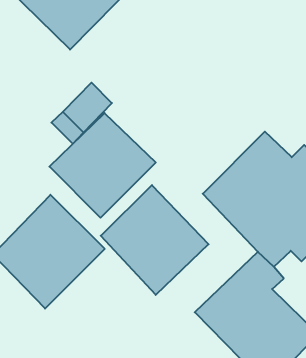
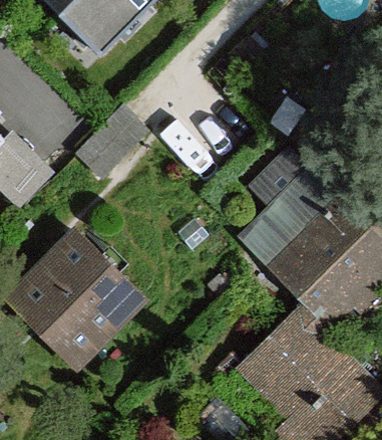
building: [49,113,156,218] -> none
building: [101,185,209,295] -> none

